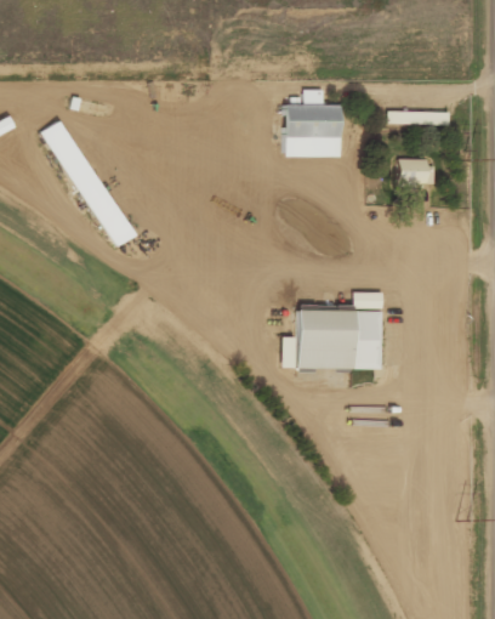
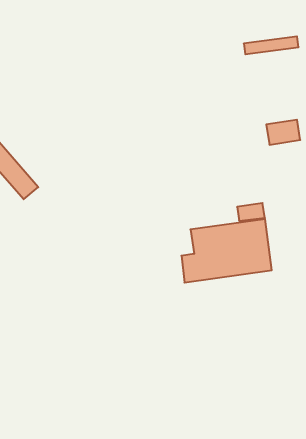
building: [285,89,340,155] -> none
building: [399,160,434,183] -> [266,120,300,145]

